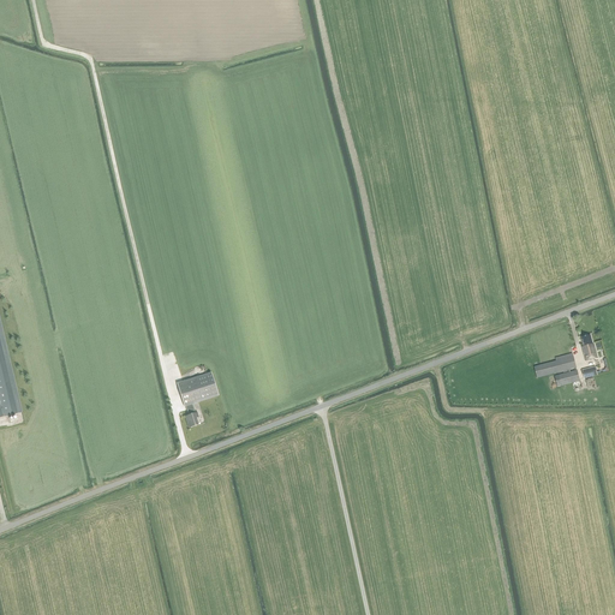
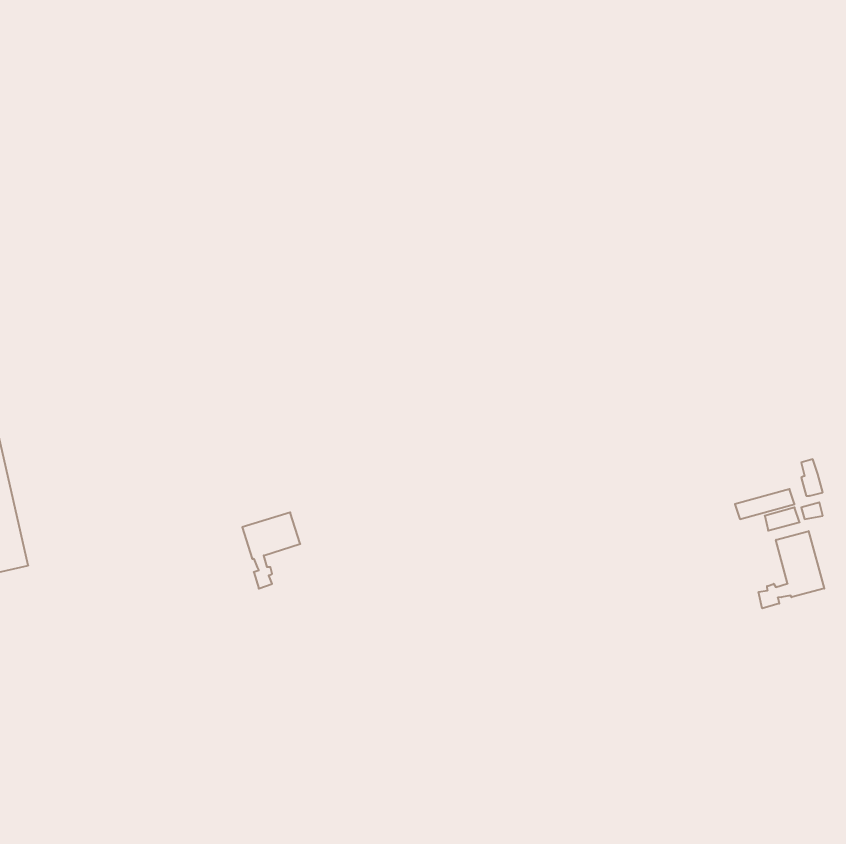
building: none -> [759,531,824,608]

